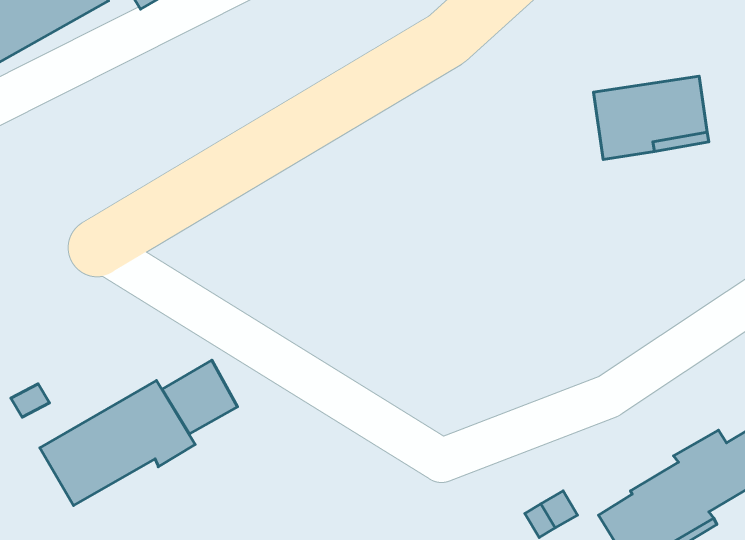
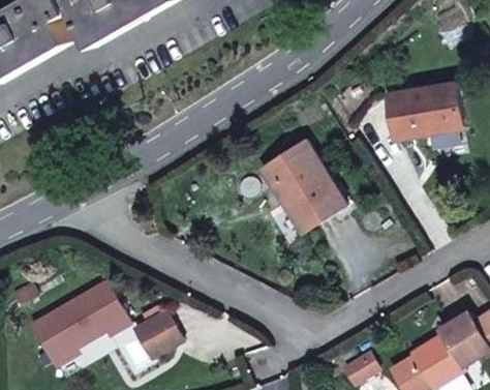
building: none -> [259,140,345,234]
building: [162,360,237,434] -> [133,310,182,358]

